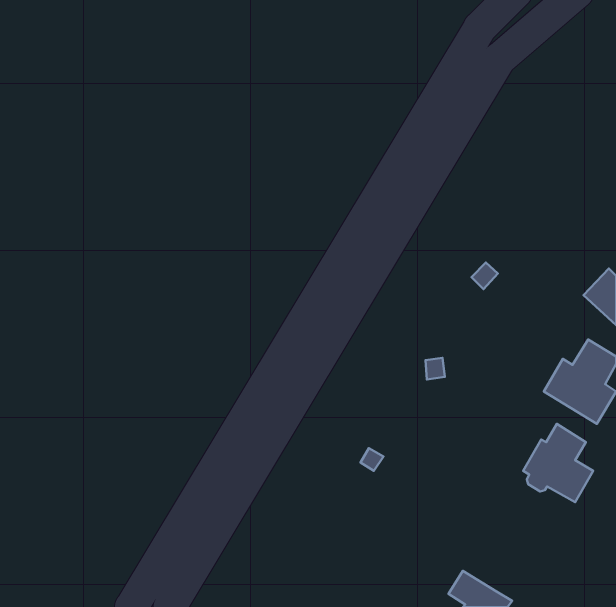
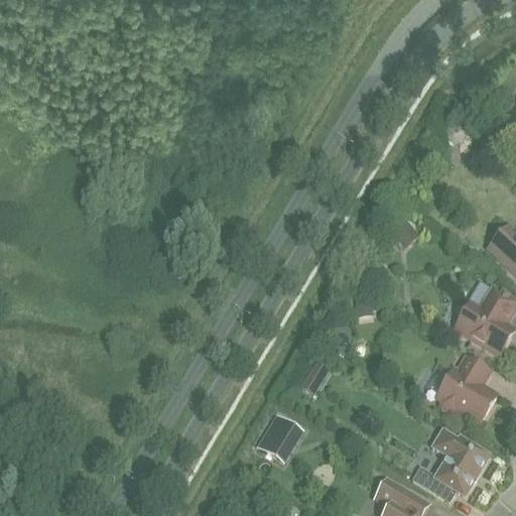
building: none -> [259,415,293,455]
building: none -> [412,429,490,495]

